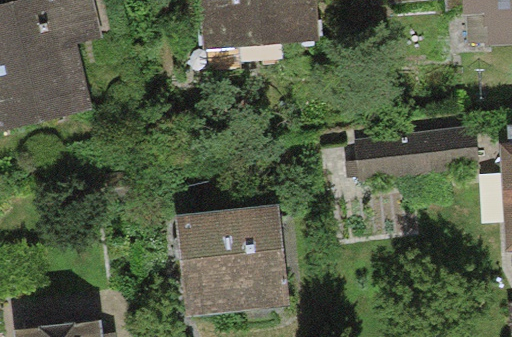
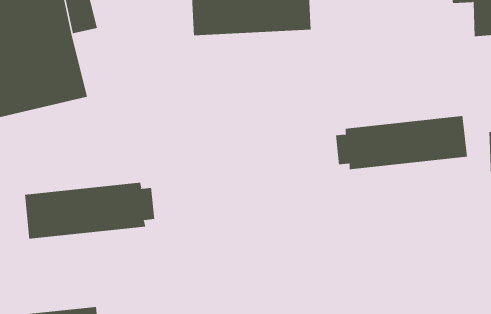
building: none -> [24,182,155,240]
building: [176,203,290,316] -> none

